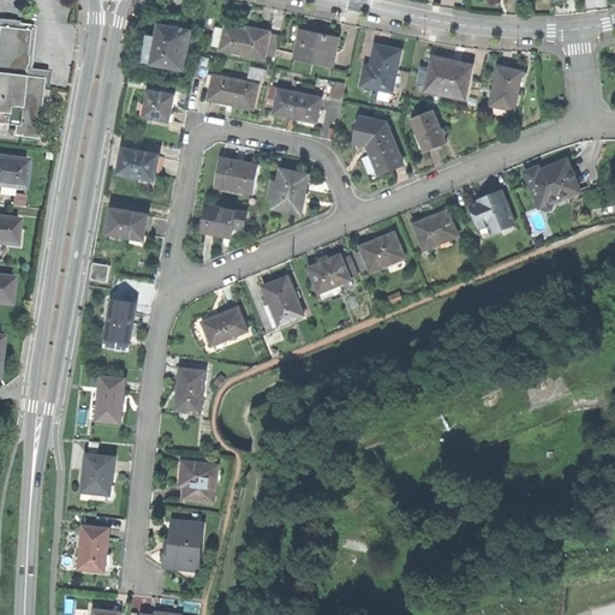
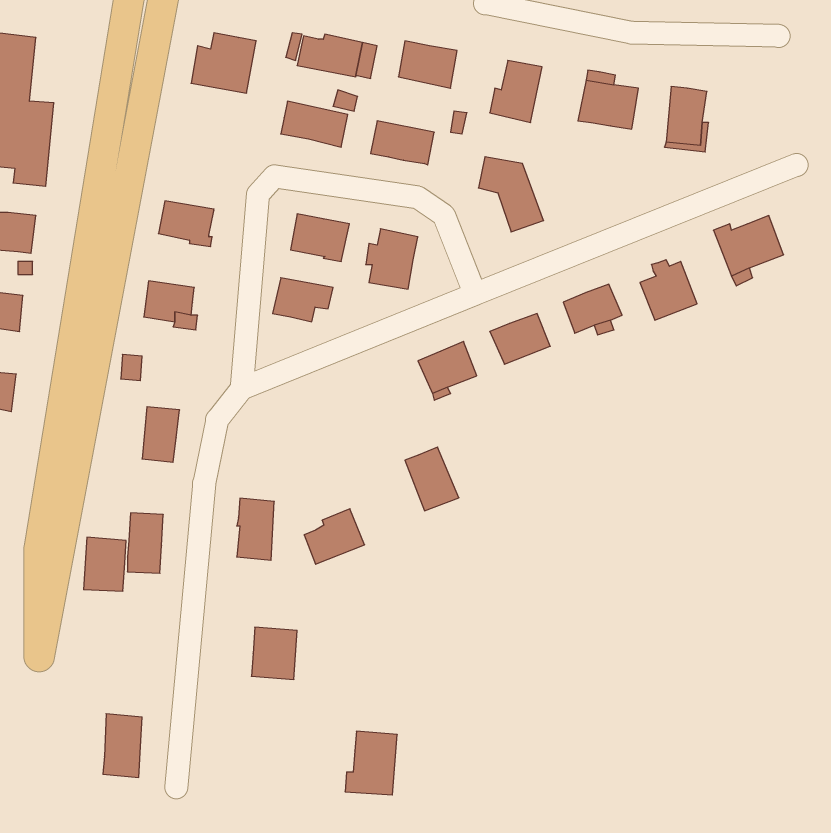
building: [143,90,172,120] -> none
building: [413,109,448,150] -> none
building: [262,275,301,322] -> [405,447,459,511]
building: [203,303,247,344] -> [304,509,365,564]
building: [82,454,113,494] -> [84,537,126,591]
building: [166,521,204,568] -> [345,731,397,795]

